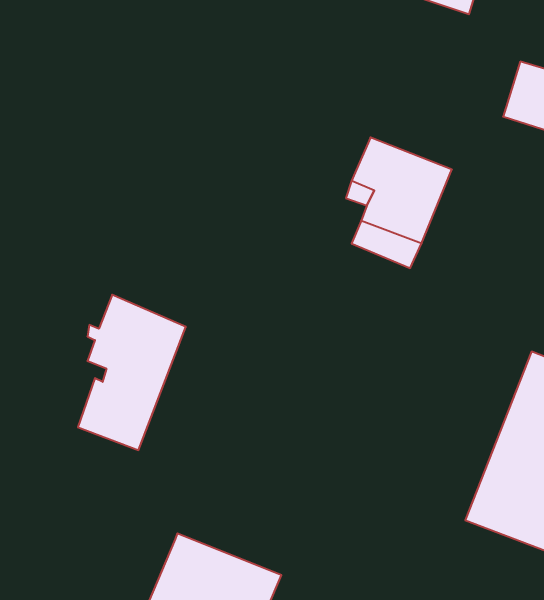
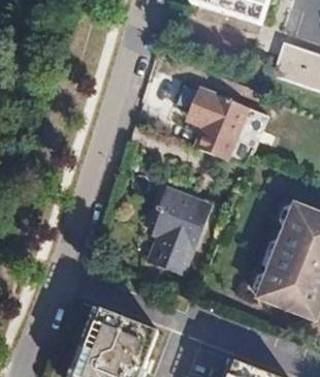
building: [78,295,186,450] -> [149,184,207,269]

